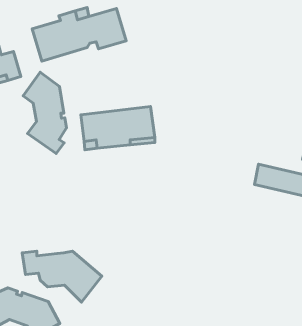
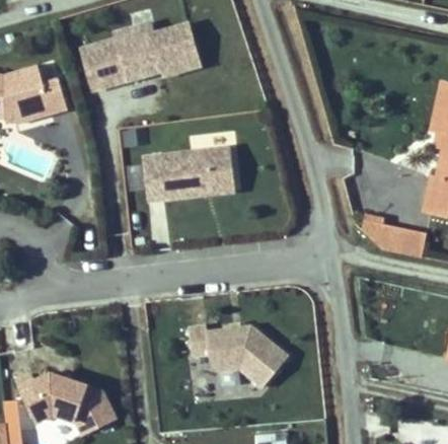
building: [23,72,66,154] -> none
building: [22,251,102,302] -> [188,324,287,388]

